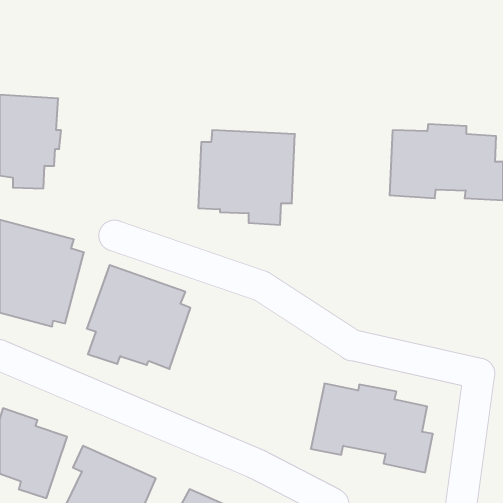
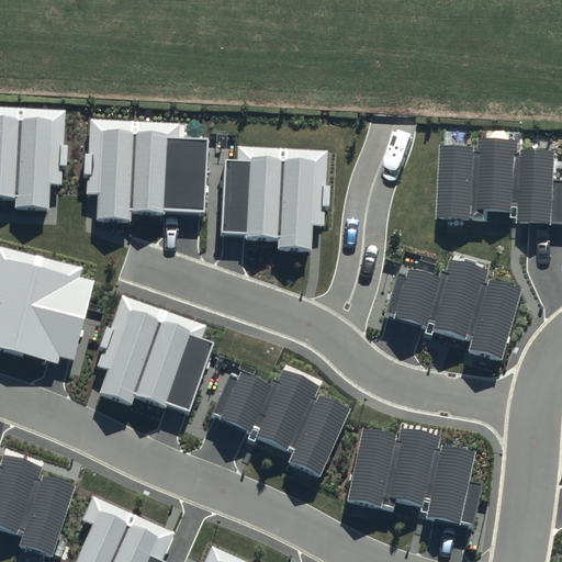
building: none -> [86,120,206,223]
building: none -> [384,261,520,360]
building: none -> [210,371,350,476]

